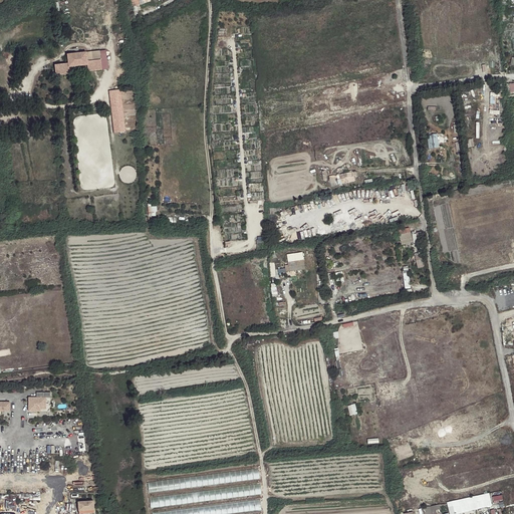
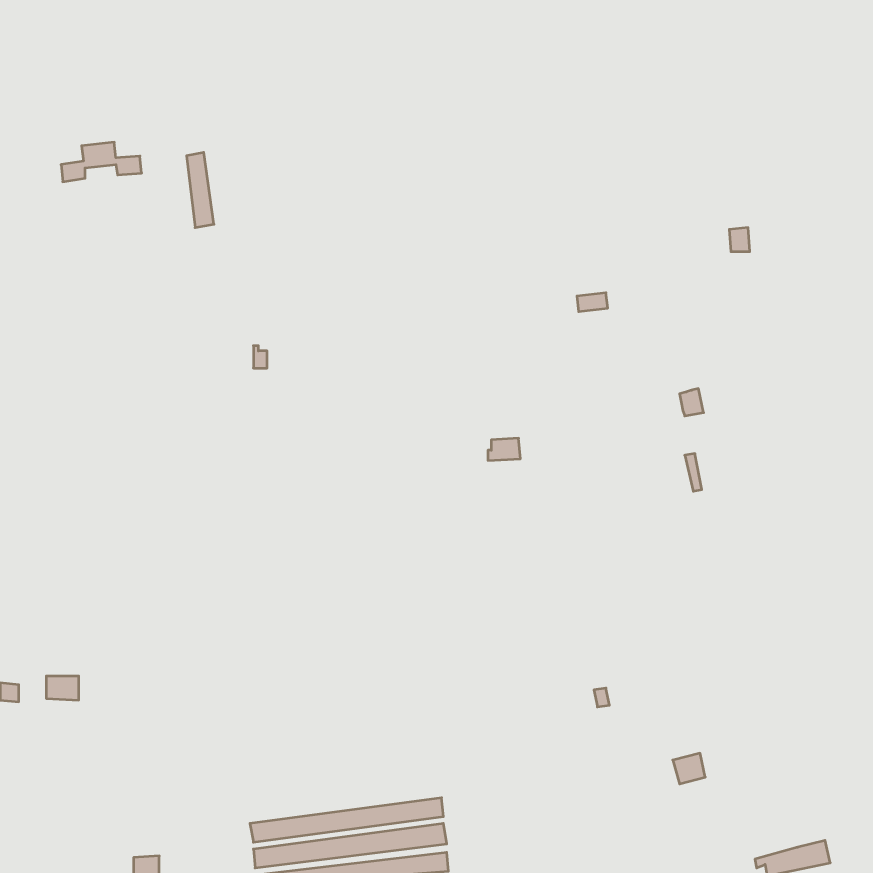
building: [56,53,103,76] -> [61,142,142,182]

